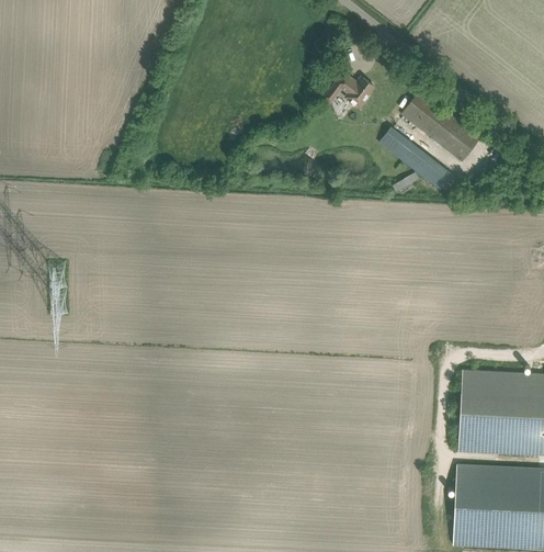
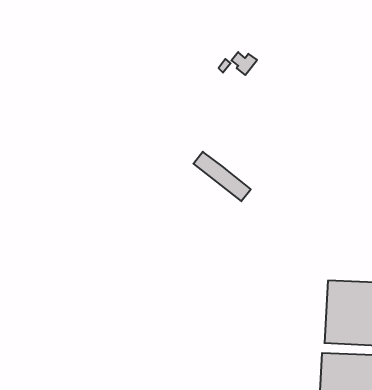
building: [401,89,481,162] -> none
building: [379,127,453,191] -> [193,152,251,201]

